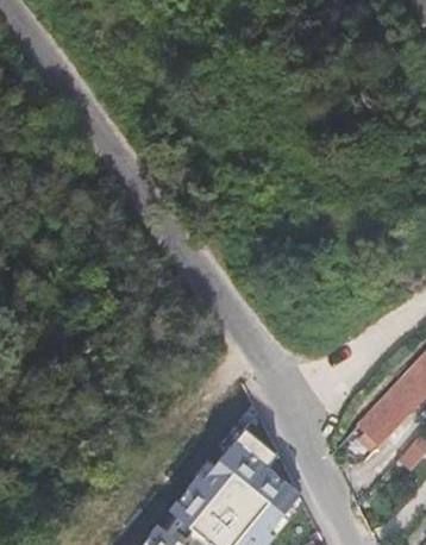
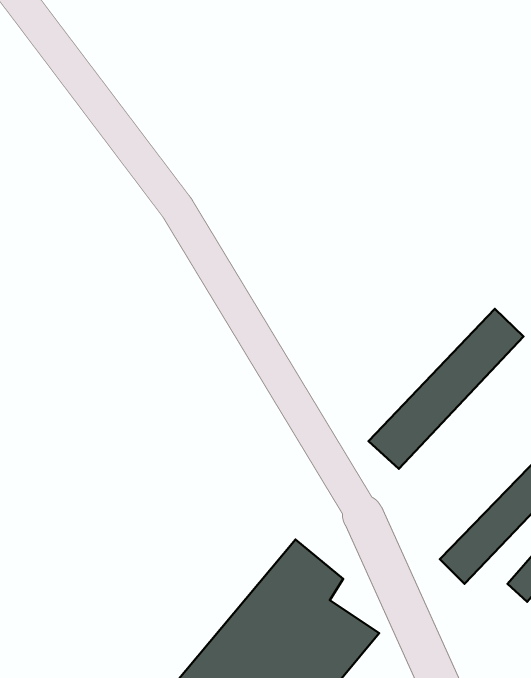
building: none -> [369,309,523,469]

